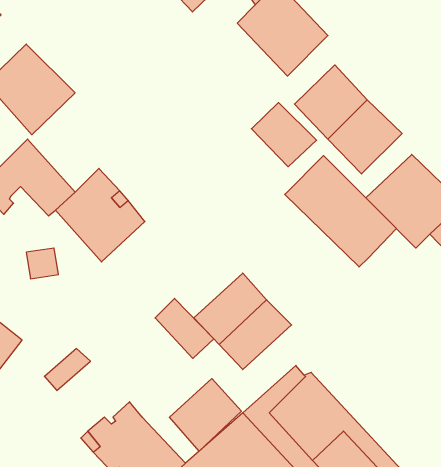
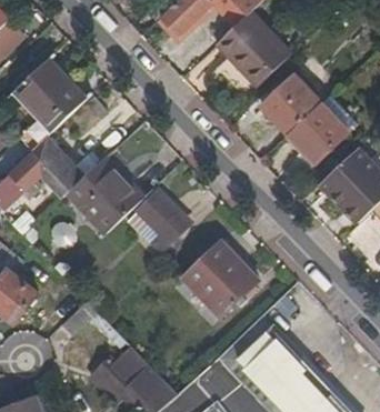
building: [251,103,317,167] -> none
building: [285,156,396,267] -> none
building: [155,298,214,358] -> [139,195,186,243]
building: [169,379,241,451] -> none

